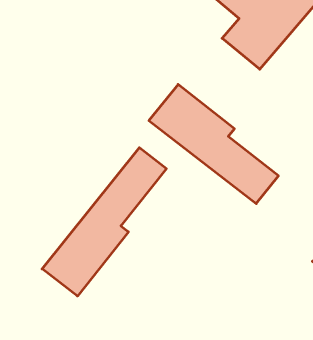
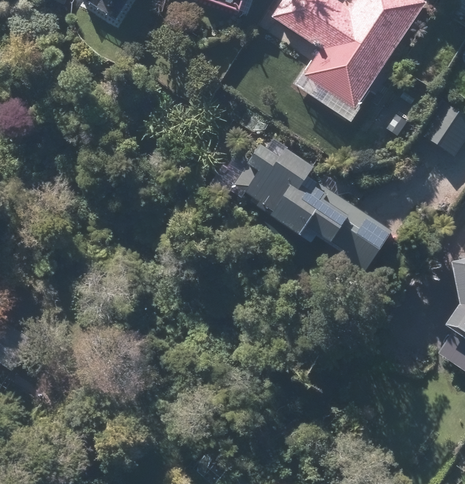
building: [42,148,166,296] -> none

